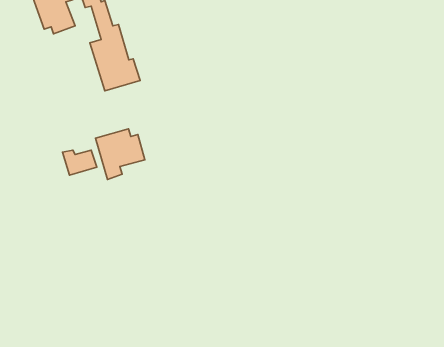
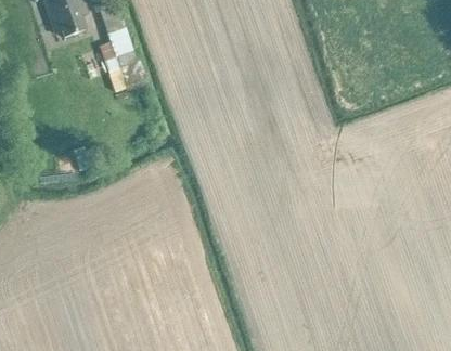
building: [95,129,145,179] -> none

